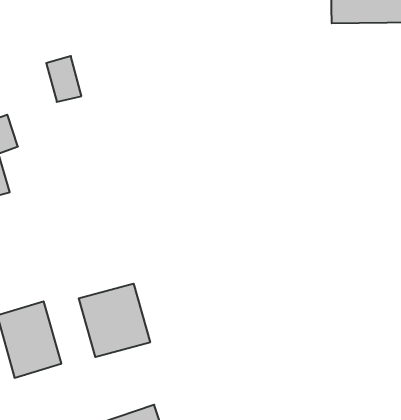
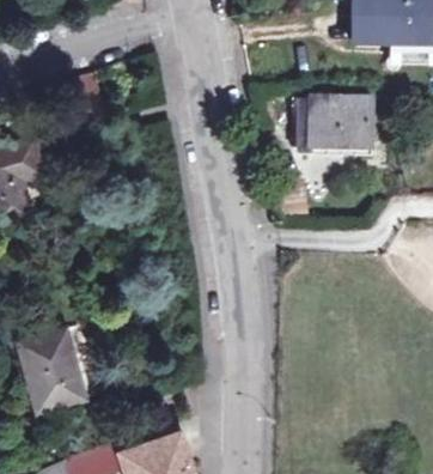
building: none -> [295,97,374,145]
building: [79,284,150,357] -> none

